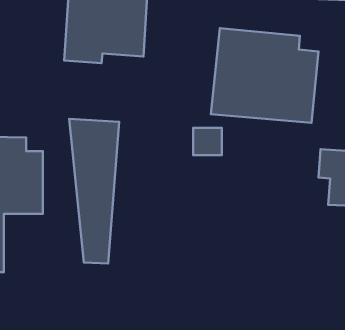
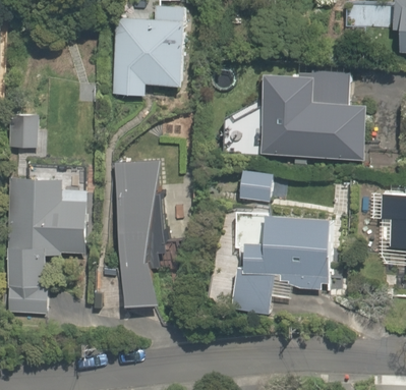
building: none -> [235,213,337,308]

